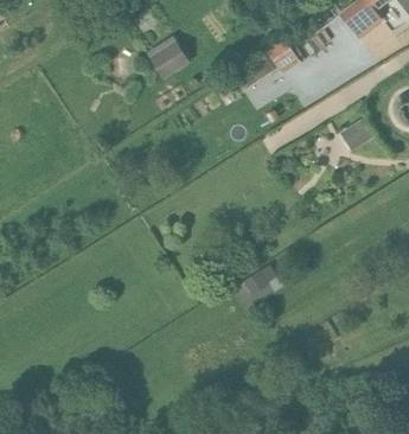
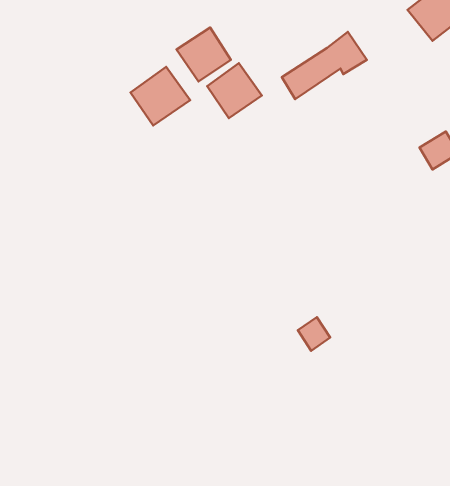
building: none -> [207,63,262,118]
building: none -> [131,67,190,125]

